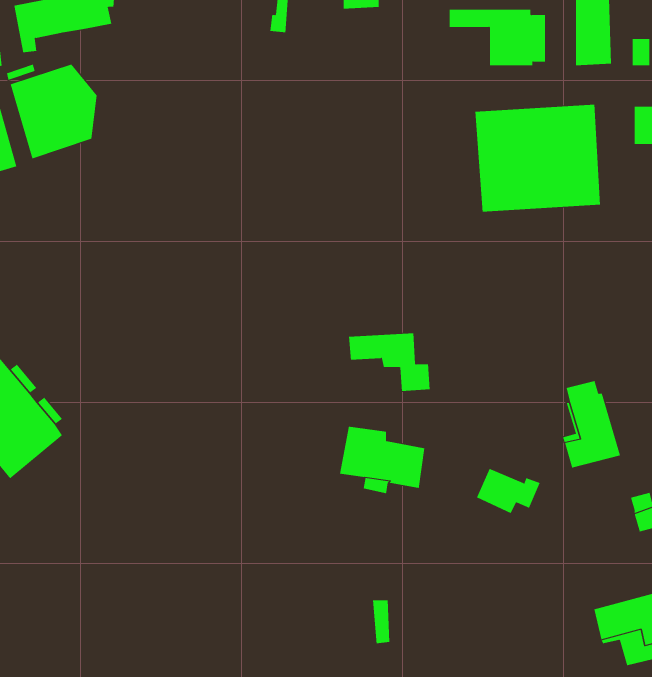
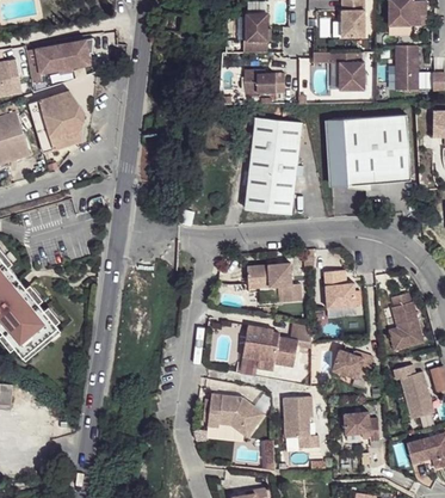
building: none -> [242,69,283,92]
building: none -> [242,117,301,214]
building: none -> [323,271,354,309]
building: none -> [394,365,433,419]
building: none -> [206,394,262,437]
building: none -> [283,395,316,448]
building: none -> [342,414,377,445]

